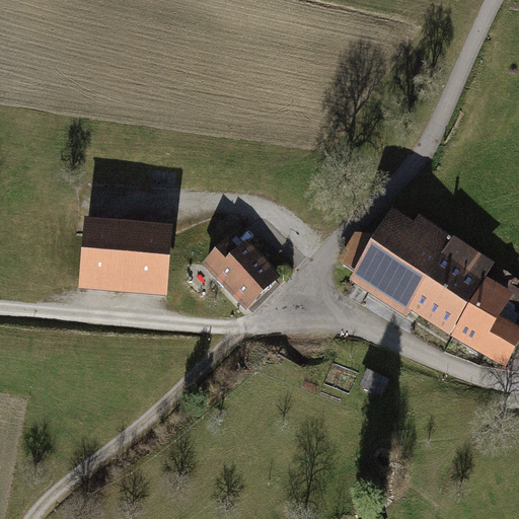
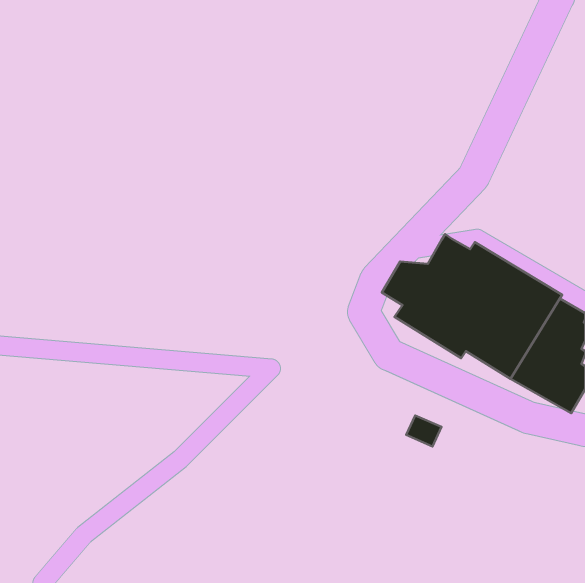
building: [78,217,172,295] -> none
building: [201,236,281,308] -> none

